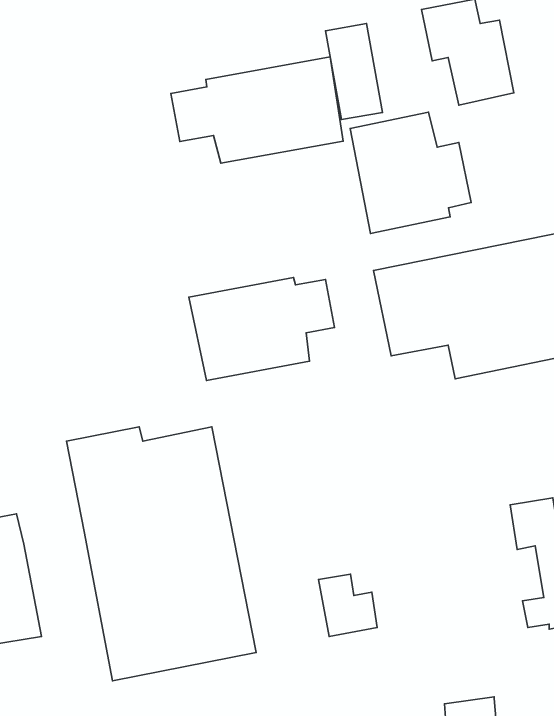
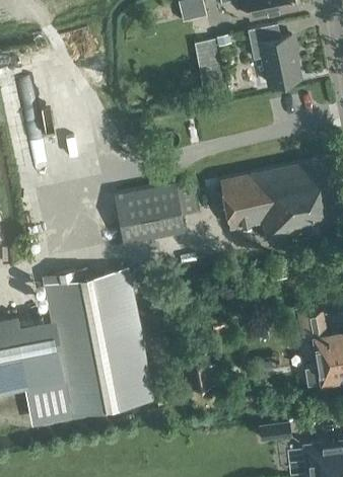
building: [171,57,343,163] -> none
building: [350,112,471,234] -> none
building: none -> [19,330,70,422]

